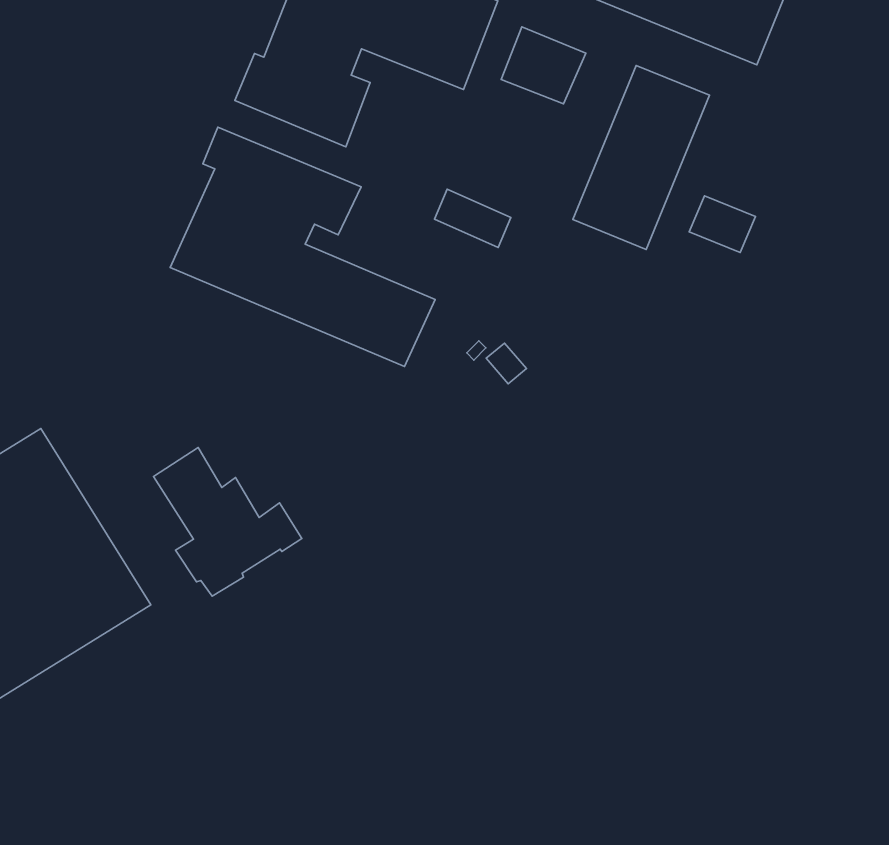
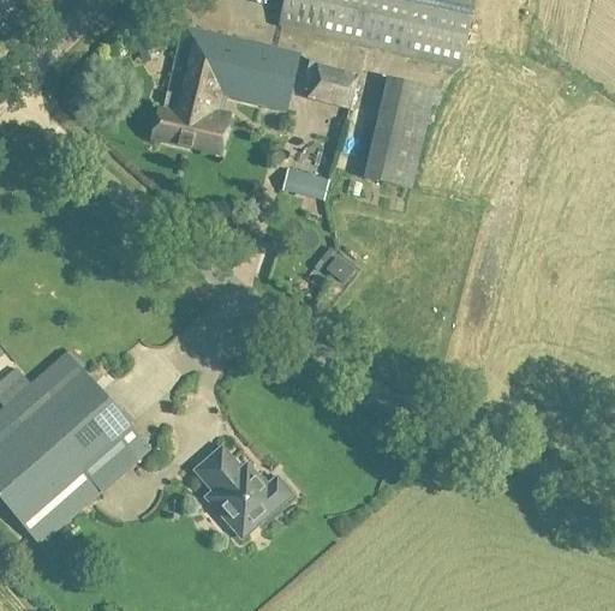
building: [170,127,435,366] -> none
building: [689,196,755,253] -> none
building: [153,448,302,596] -> [197,448,292,535]

